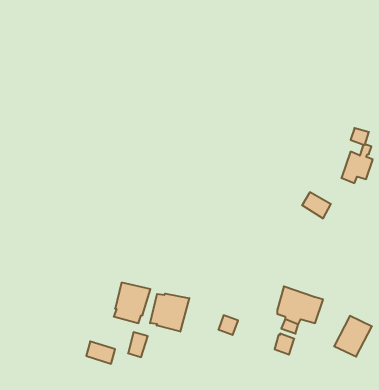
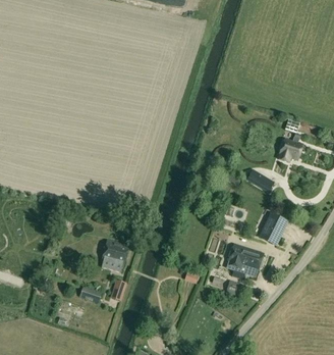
building: [150,294,189,332] -> none
building: [334,316,372,357] -> [259,214,288,246]

